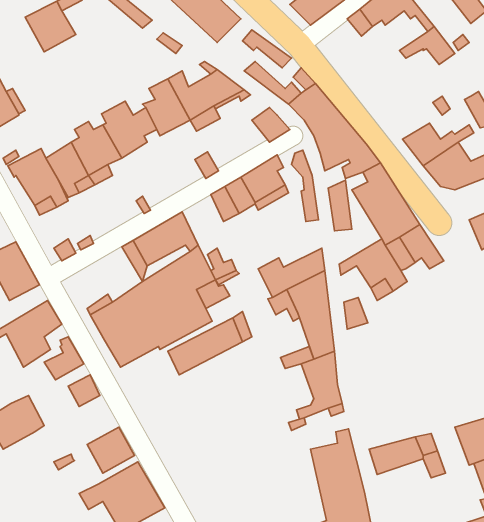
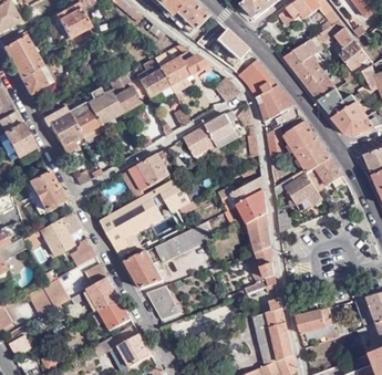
building: none -> [340,39,369,70]
building: none -> [285,40,338,98]
building: none -> [127,251,163,289]
building: none -> [86,278,121,312]
building: none -> [147,287,180,321]

